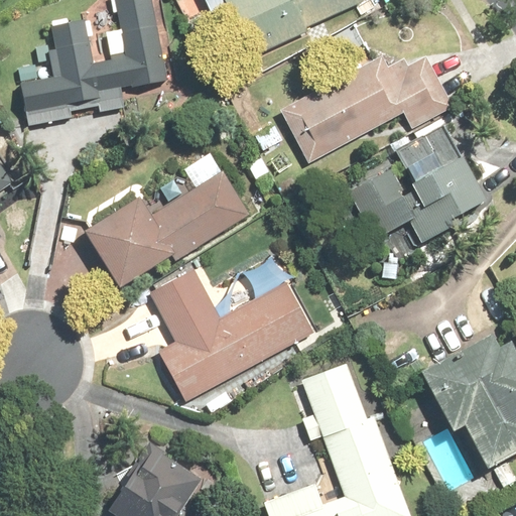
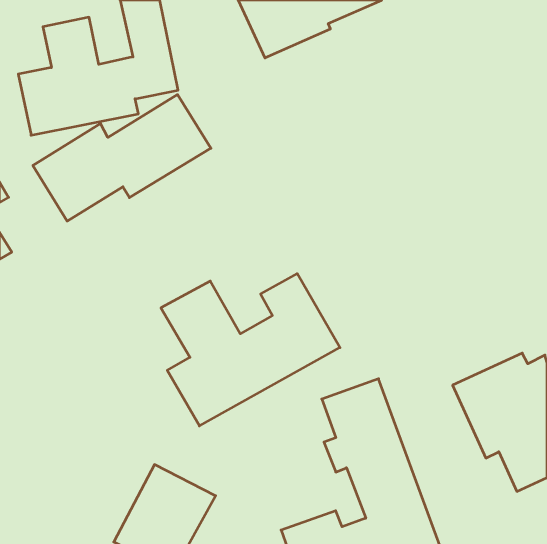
building: [279,54,452,162] -> none
building: [350,131,484,243] -> none
building: [86,166,253,285] -> [33,95,211,221]

